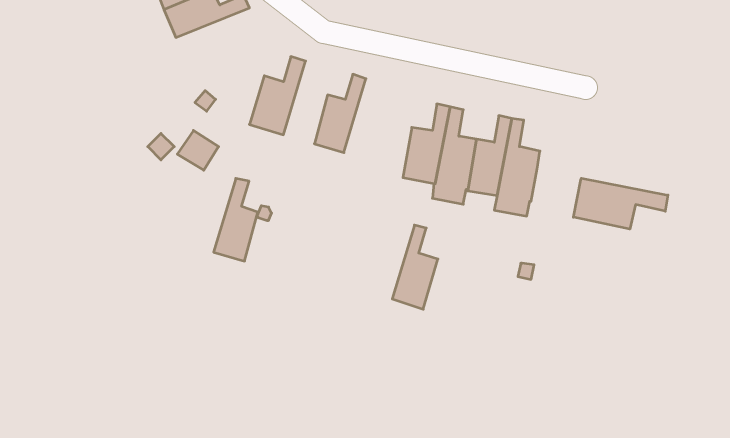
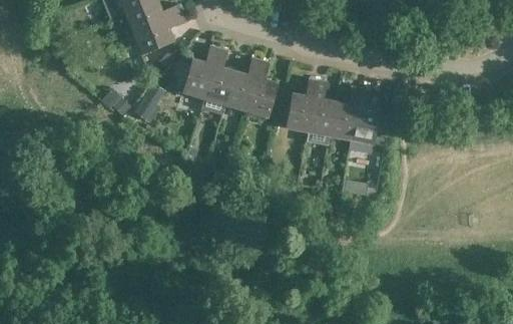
building: none -> [132,12,185,54]
building: [573,178,668,229] -> none
building: [214,178,258,261] -> [205,48,235,104]
building: [392,225,438,309] -> [246,60,278,117]

